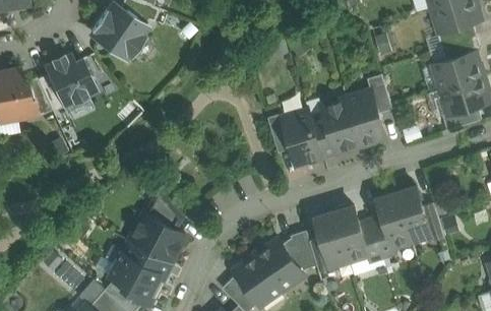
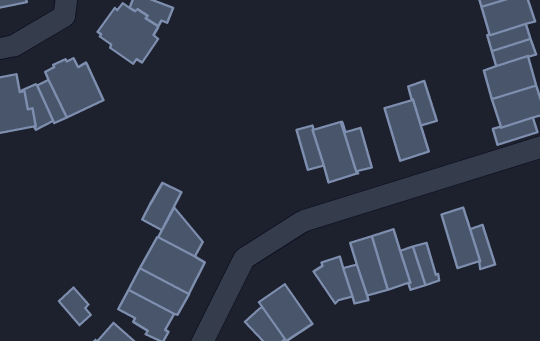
building: [321,100,360,153] -> none
building: none -> [142,183,181,230]
building: [377,194,411,248] -> none
building: [257,241,304,292] -> none

